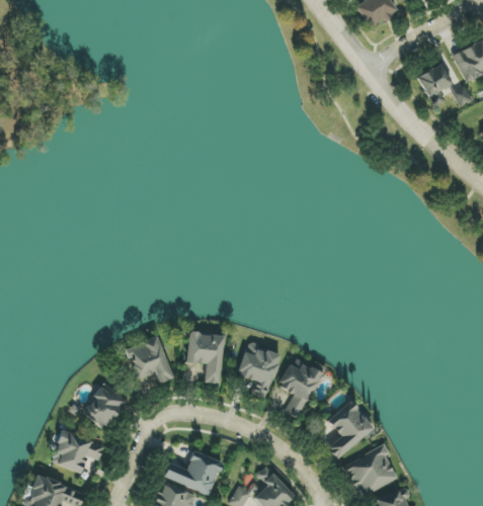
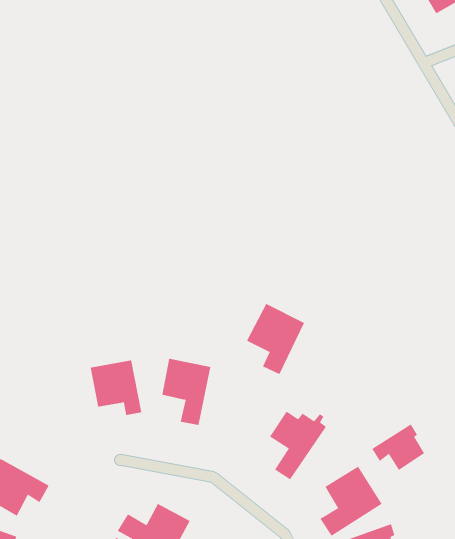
building: [236,342,281,399] -> [246,303,305,375]
building: none -> [371,424,425,471]
building: [81,384,128,429] -> none

